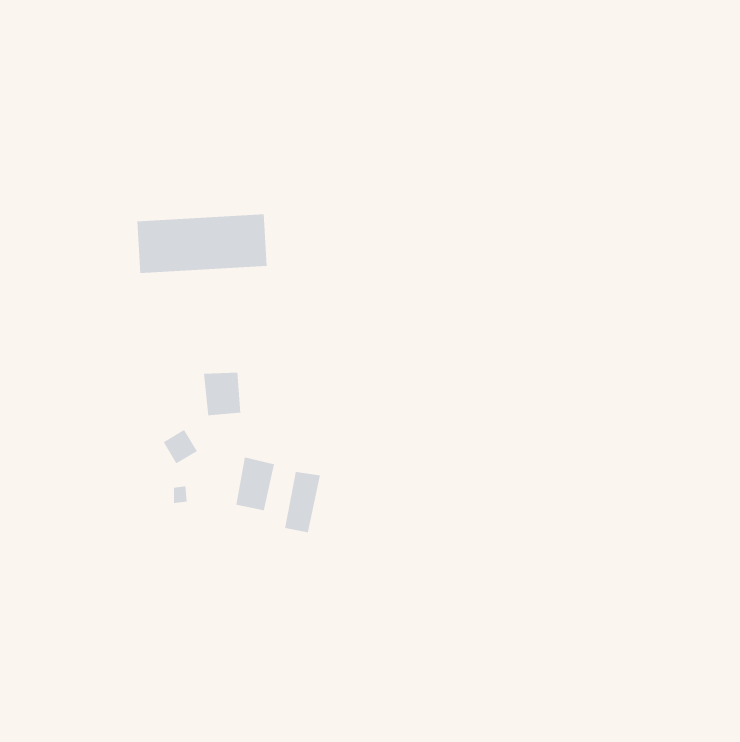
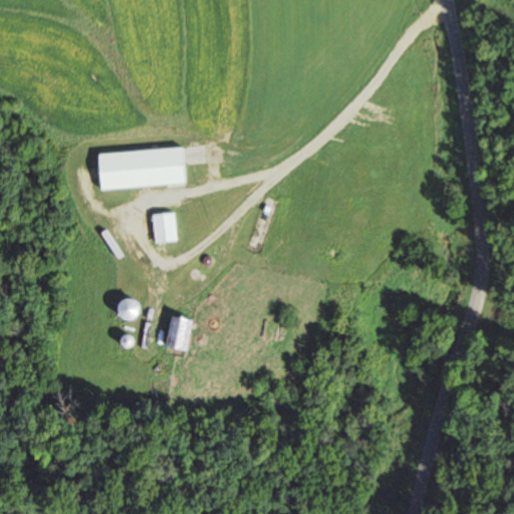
building: [203,372,241,416] -> [152,212,178,242]
building: [285,471,321,533] -> none

